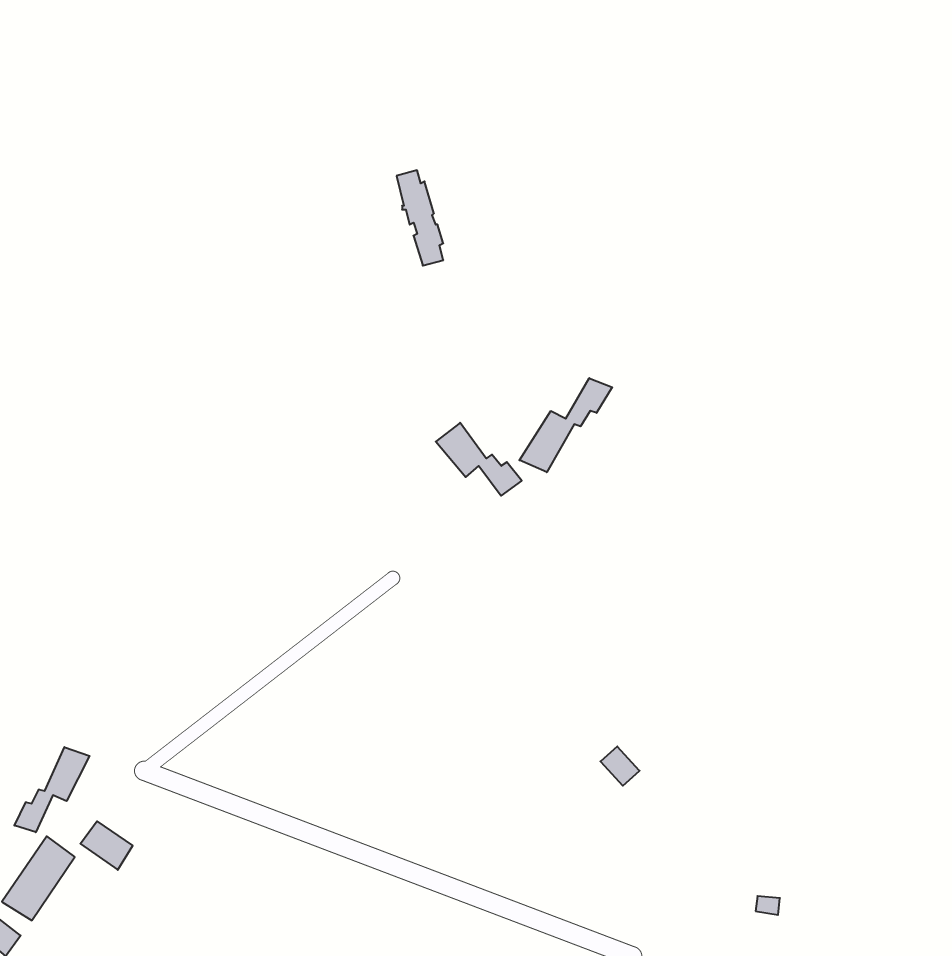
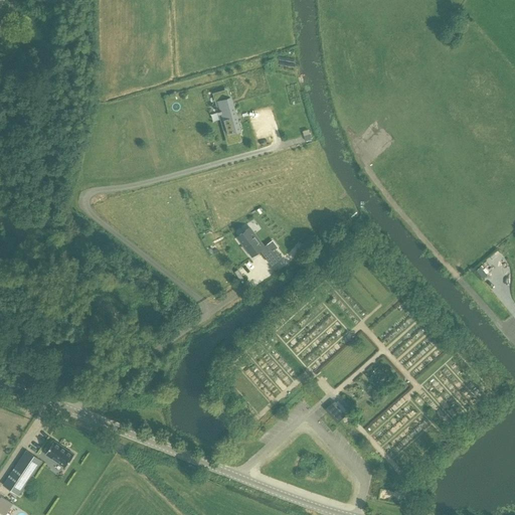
building: [519,378,612,472] -> none
building: [14,747,90,832] -> none

